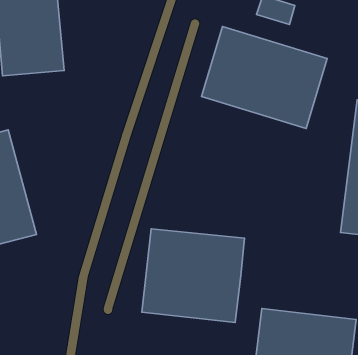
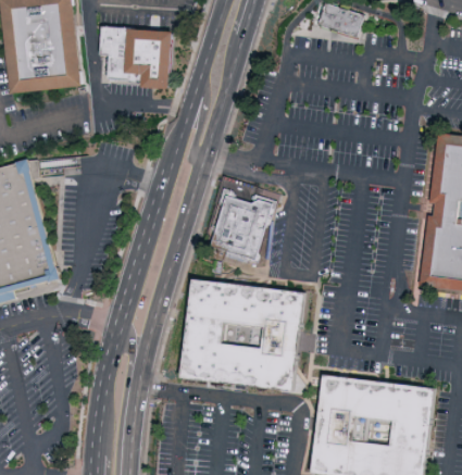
building: none -> [101,29,178,100]
building: [202,26,327,129] -> none
building: none -> [207,183,273,261]

